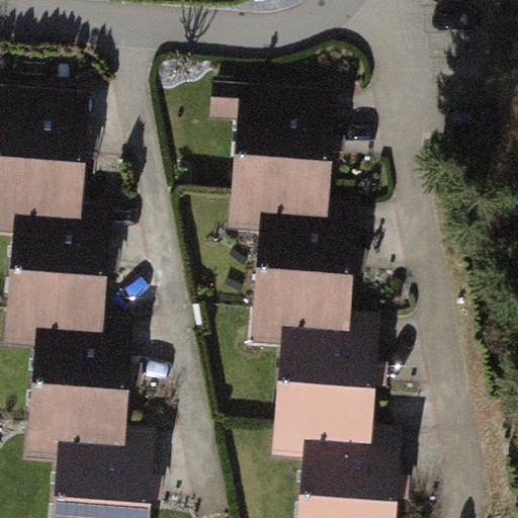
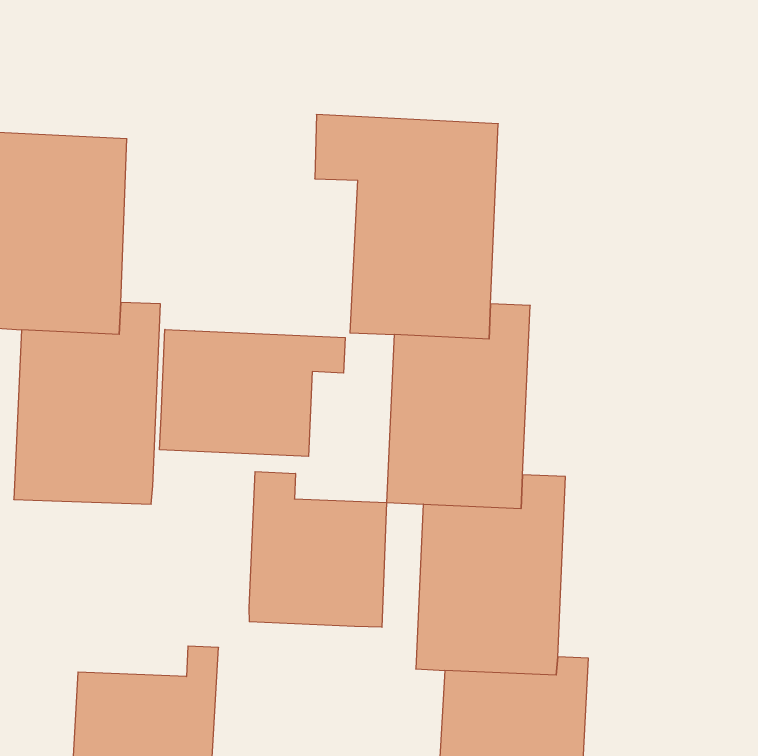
building: none -> [160,329,345,456]
building: none -> [249,472,387,627]
building: [30,338,130,464] -> none

